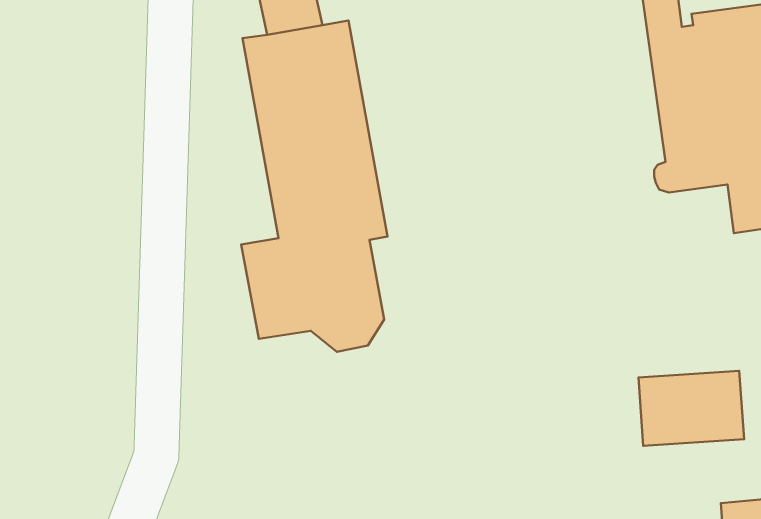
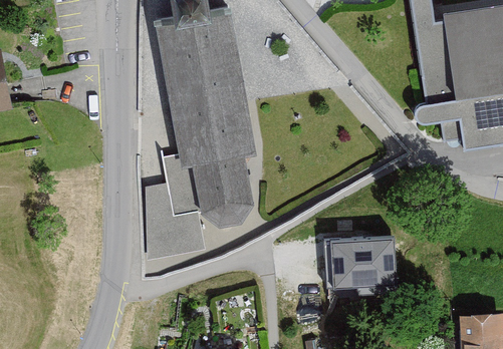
building: [638,371,744,446] -> [330,238,396,284]

